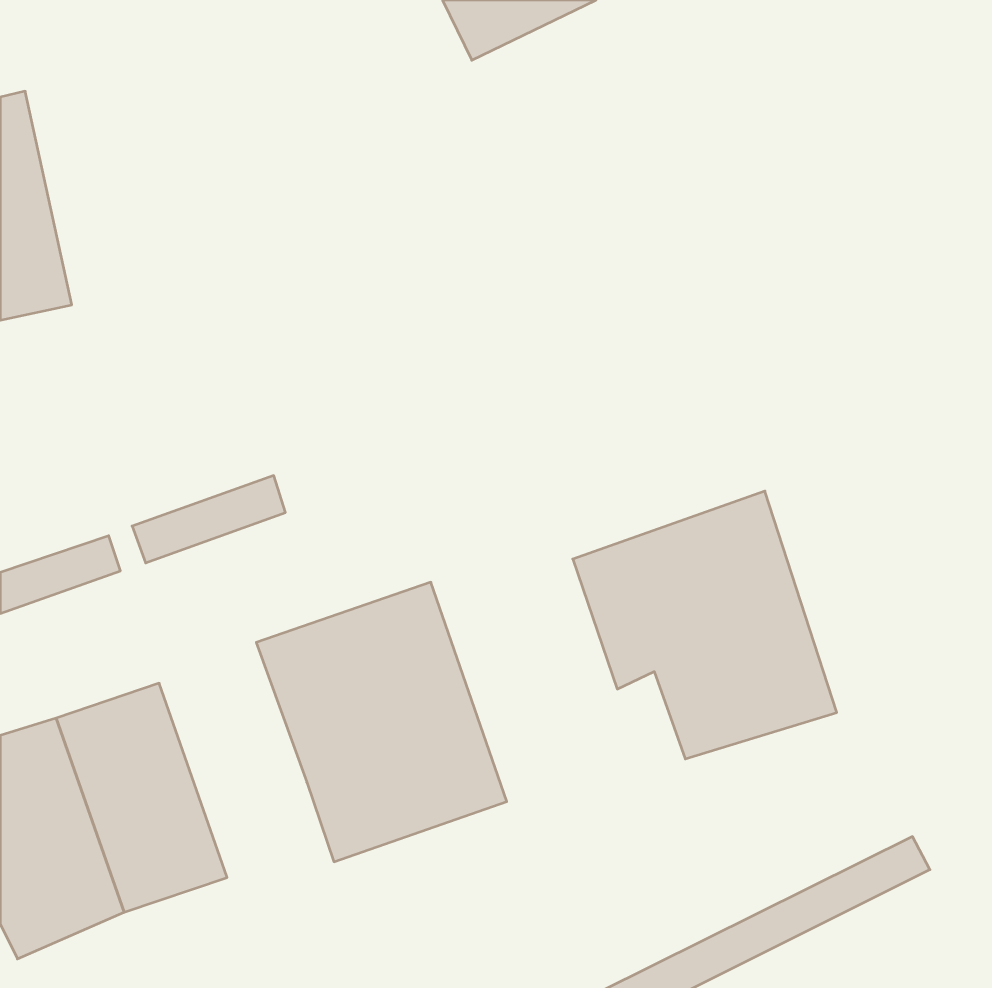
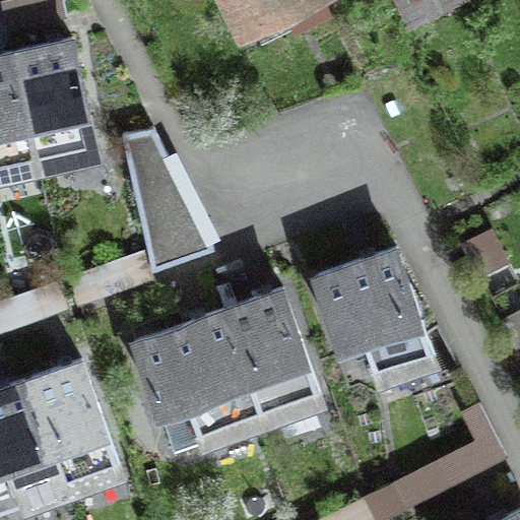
building: none -> [13,38,95,161]
building: none -> [122,127,213,269]
building: none -> [225,286,324,421]

